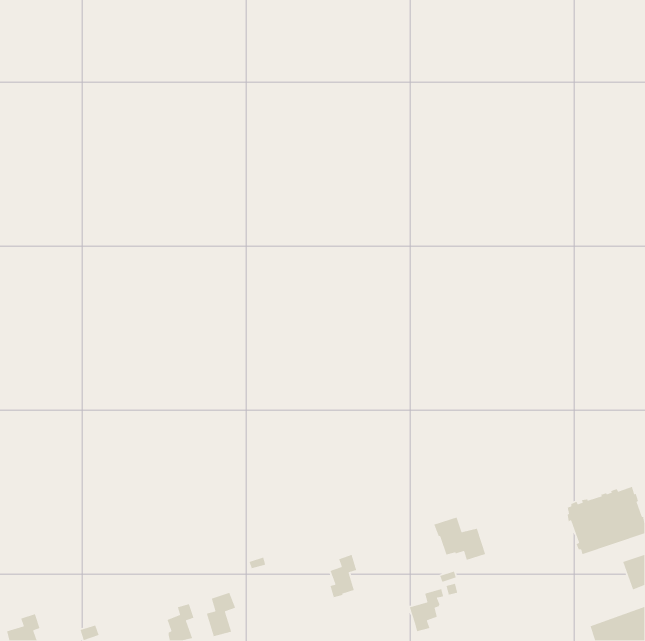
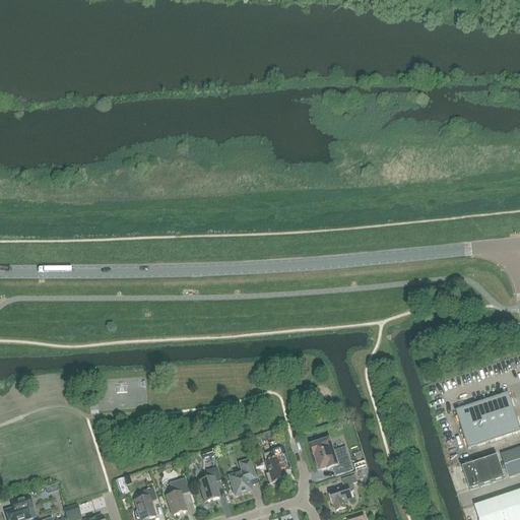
building: [433,517,486,561] -> [310,437,352,472]
building: none -> [462,453,505,489]
building: none -> [229,458,254,494]
building: none -> [198,465,220,500]

